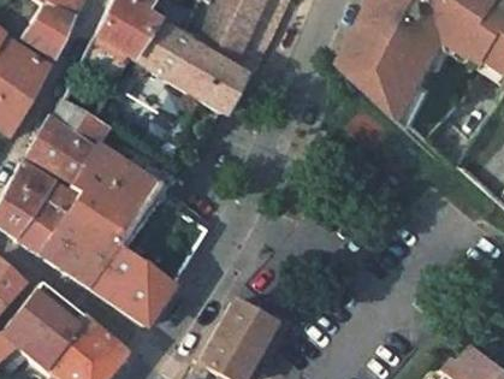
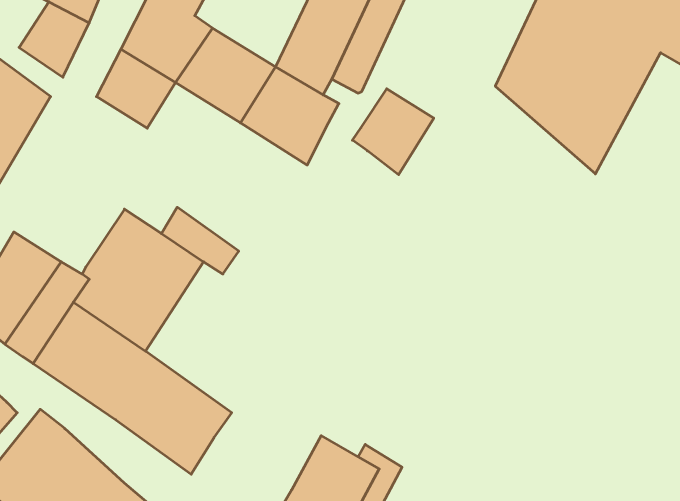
building: none -> [352,89,434,175]
building: [29,99,111,185] -> none

